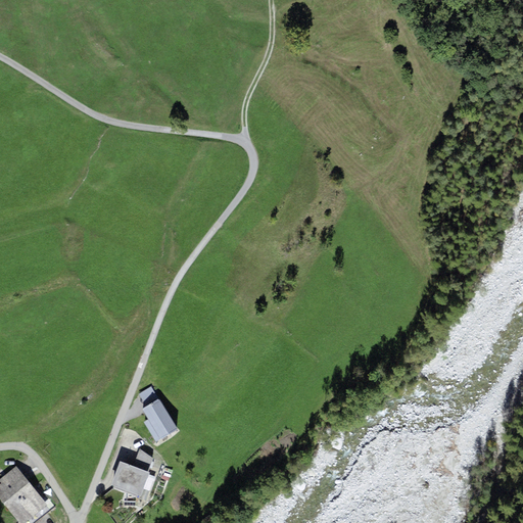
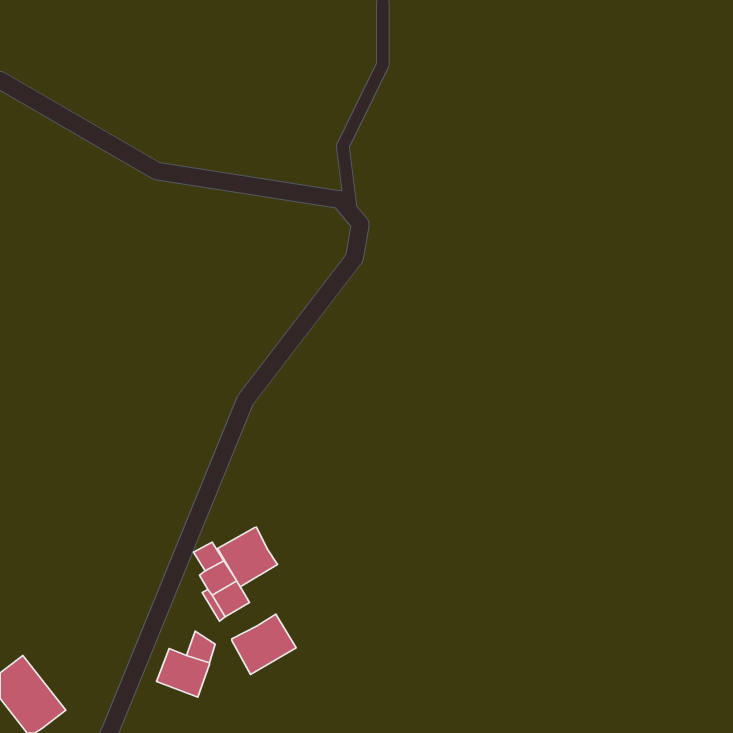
building: none -> [218,527,277,587]
building: none -> [232,614,296,675]

